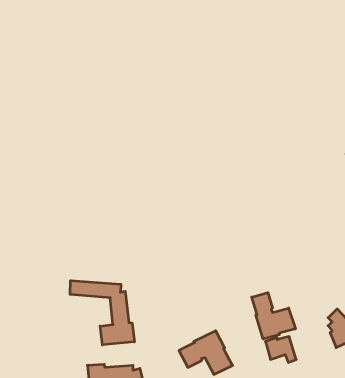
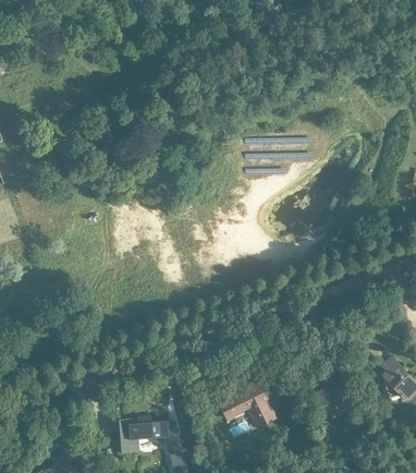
building: [70,281,134,345] -> none
building: [252,293,295,339] -> none

